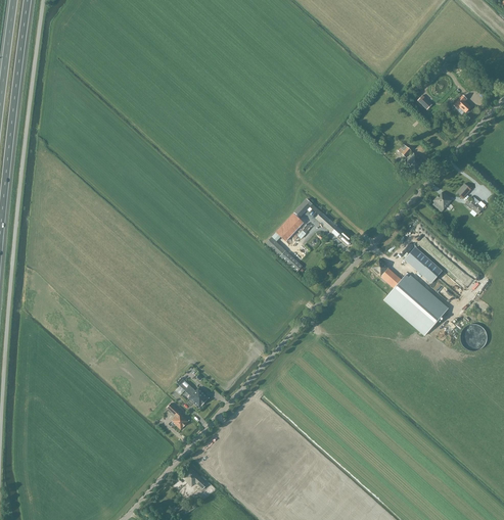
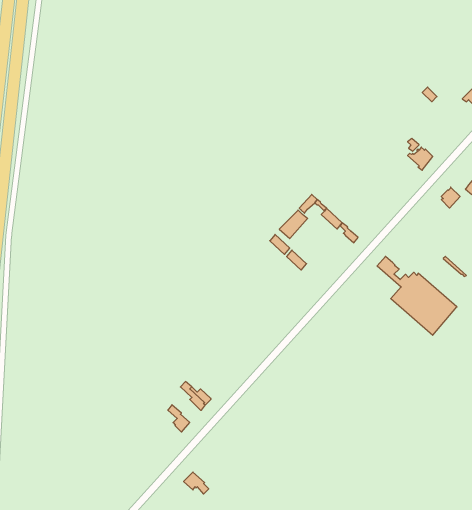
building: [404,247,442,284] -> none

